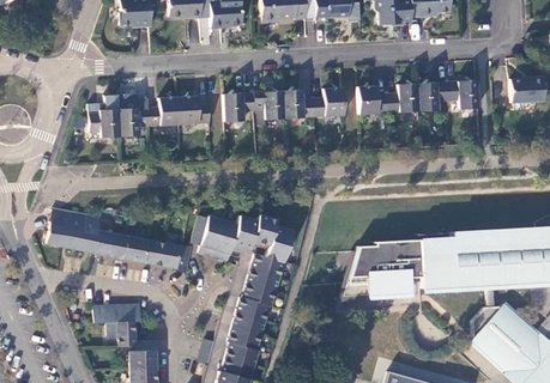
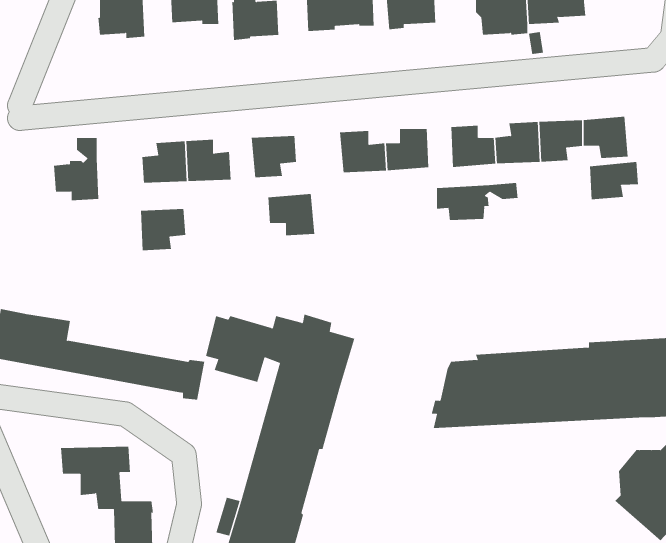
building: [253,91,285,120] -> [268,194,315,236]
building: [119,108,150,136] -> [140,209,186,251]
building: none -> [590,161,639,200]
building: none -> [436,182,518,221]

